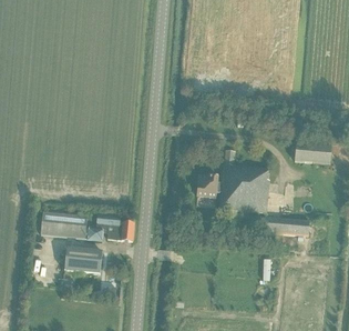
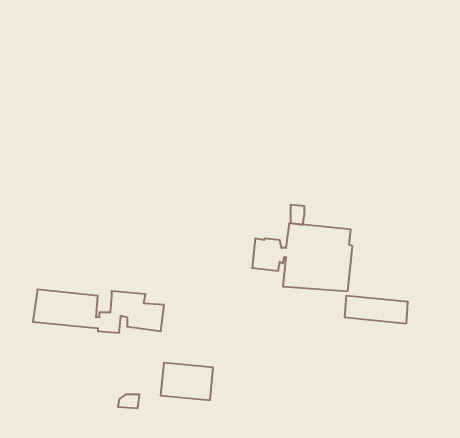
building: [295,137,332,163] -> none
building: [64,245,102,272] -> [161,363,213,400]

